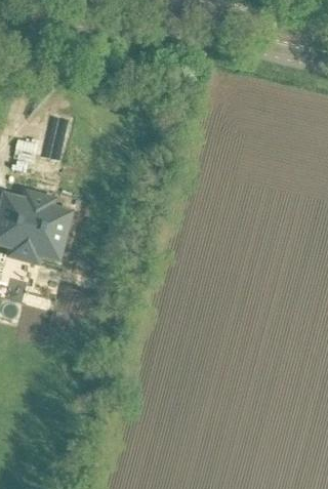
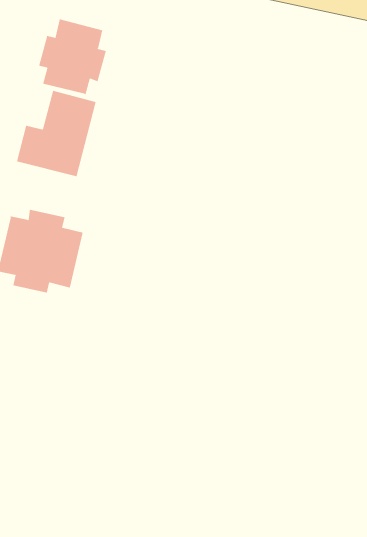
building: none -> [39,19,107,95]

